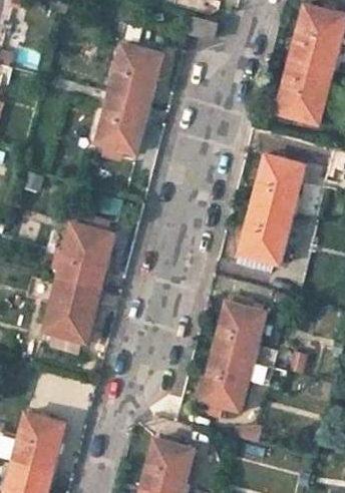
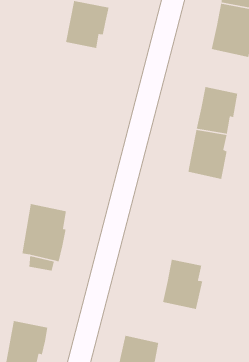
building: [93,92,143,155] -> none
building: [53,222,112,288] -> none
building: [213,304,265,362] -> none

